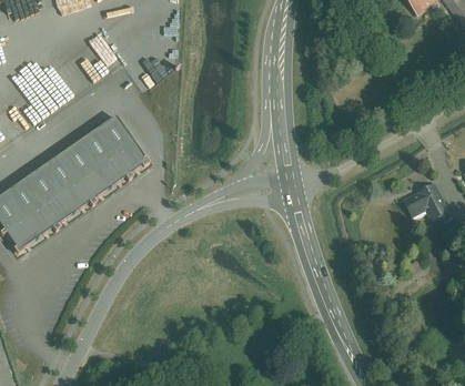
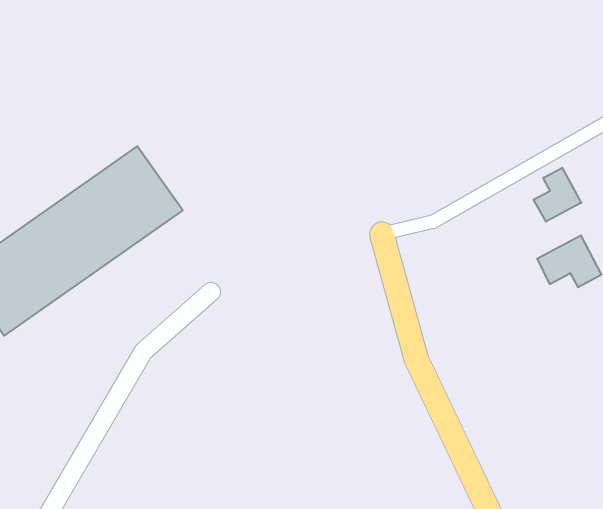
building: none -> [534,168,581,222]

